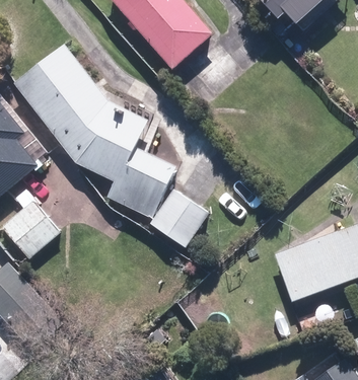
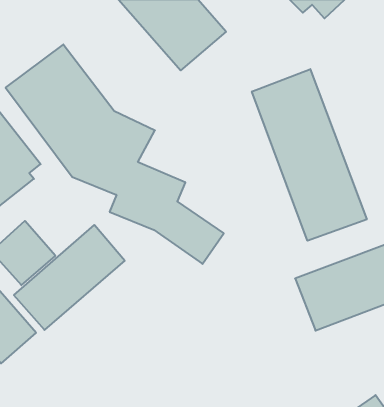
building: none -> [252,69,367,241]
building: none -> [14,225,125,330]

